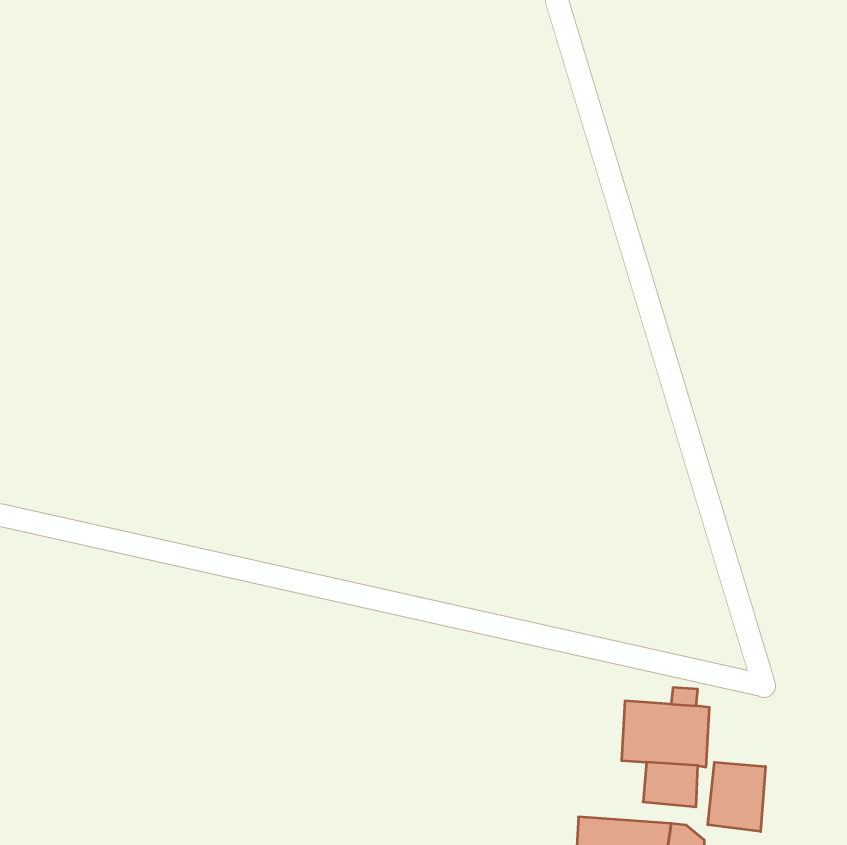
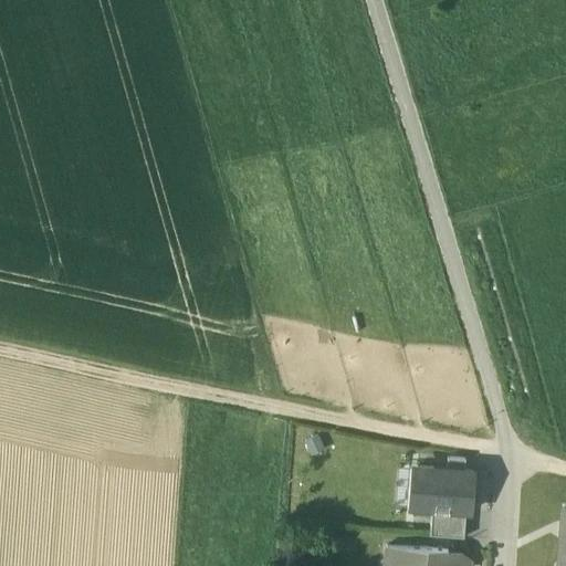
building: [708,762,765,832] -> none

